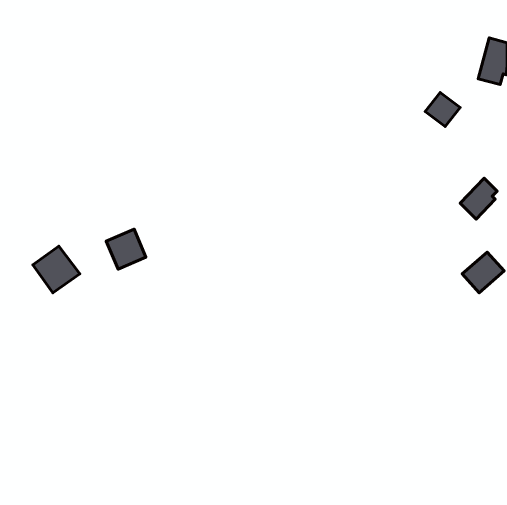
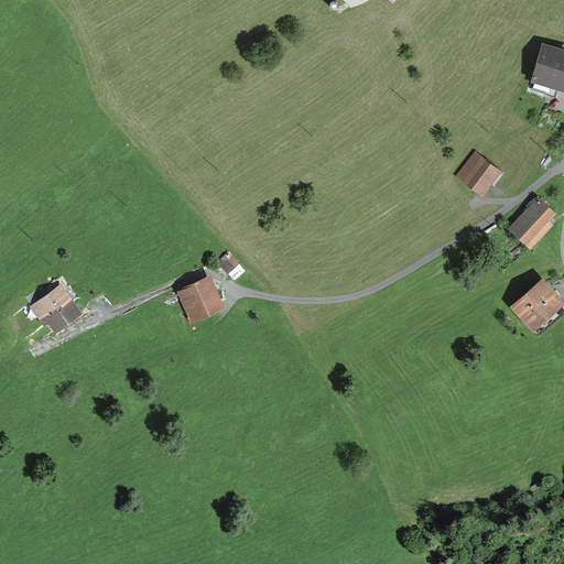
building: [425,93,460,126] -> [456,158,495,195]
building: [106,229,146,269] -> [182,273,226,317]

